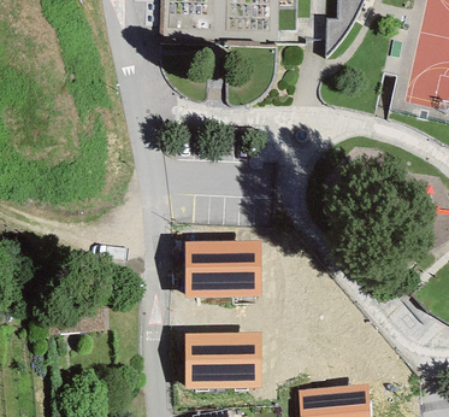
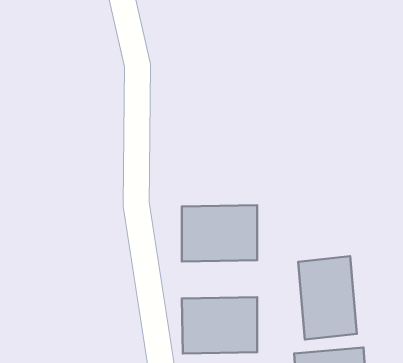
building: none -> [298,256,357,340]

